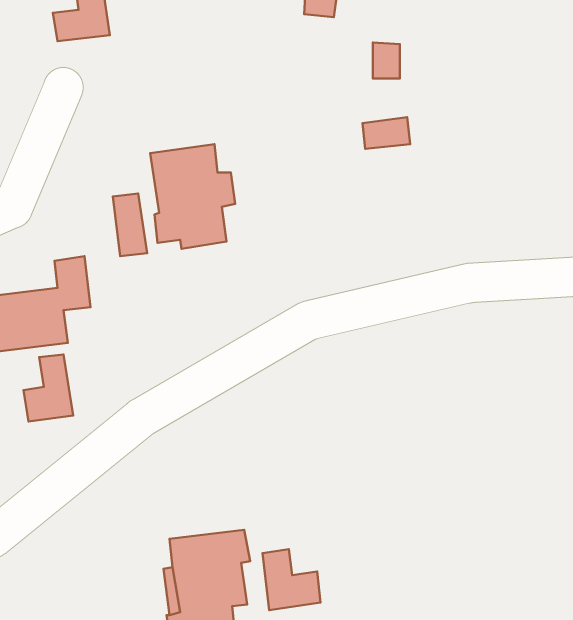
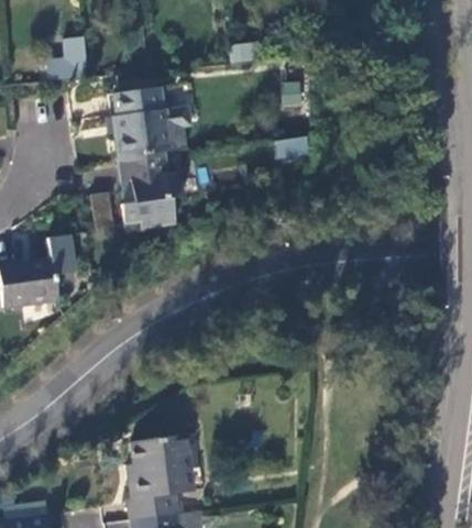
building: none -> [113,91,190,162]
building: [23,354,73,422] -> none
building: [262,549,320,610] -> none

